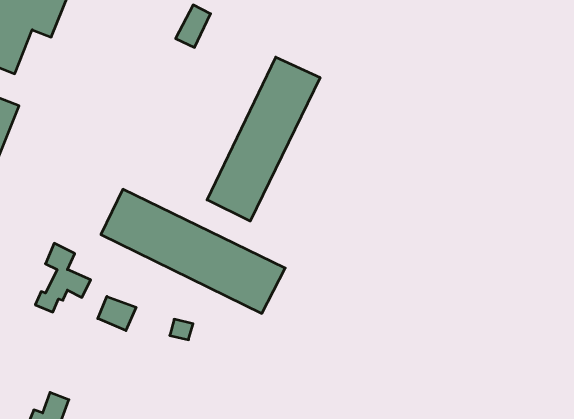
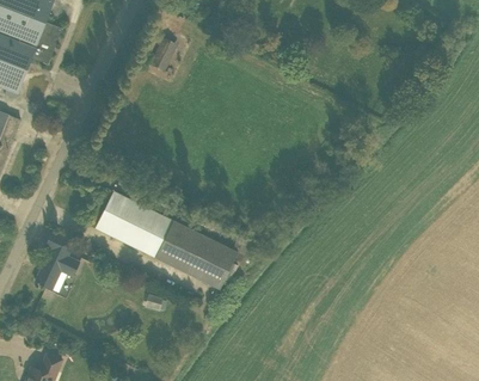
building: [207,57,320,221] -> none
building: [98,296,136,331] -> none

